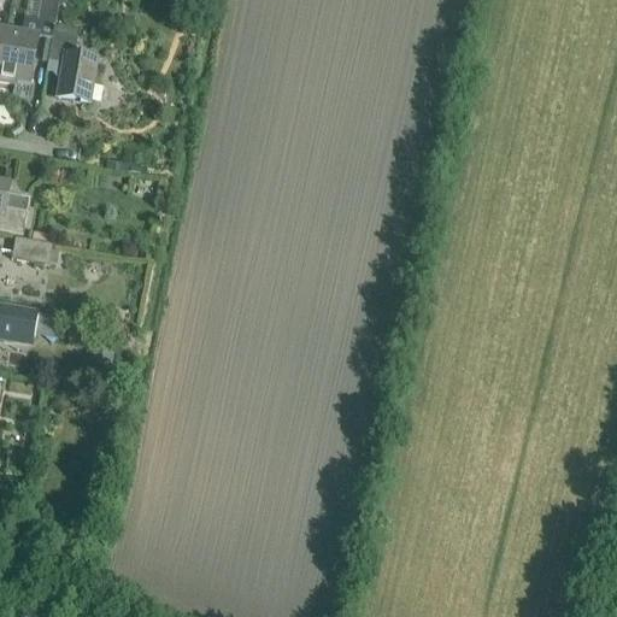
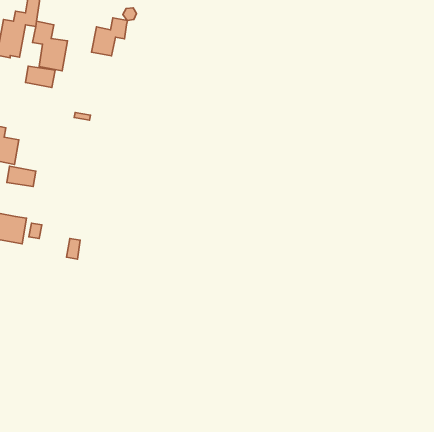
building: none -> [92,18,128,56]
building: none -> [25,66,55,87]

